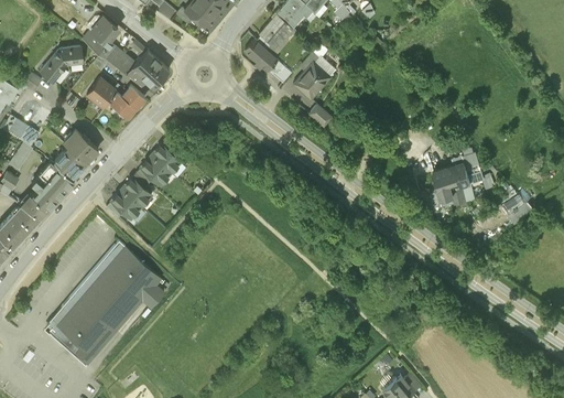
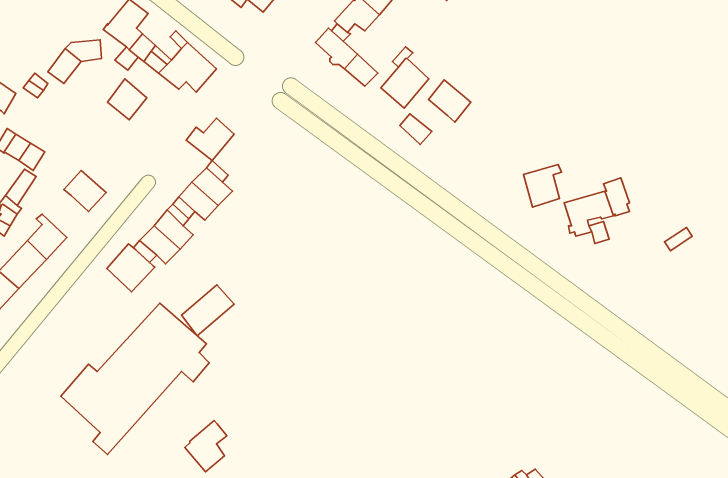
building: none -> [428,80,471,122]
building: [109,85,145,117] -> [186,118,234,160]
building: [64,130,99,163] -> none
building: none -> [523,165,562,207]
building: [37,161,74,197] -> [107,244,155,292]
building: none -> [182,285,234,336]
building: none -> [185,420,227,472]

